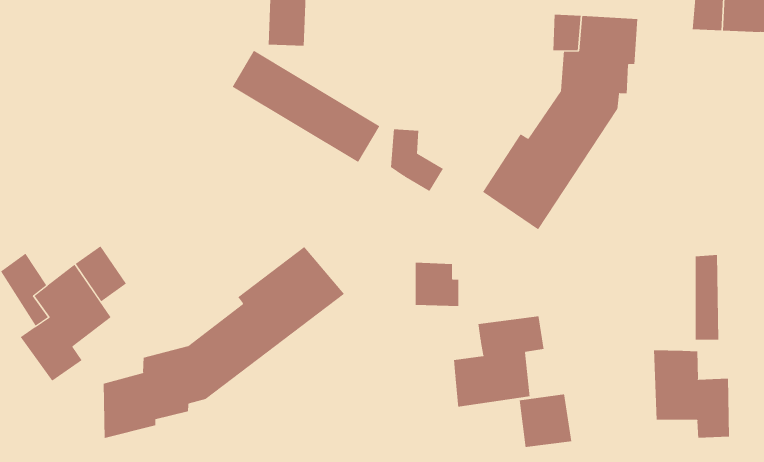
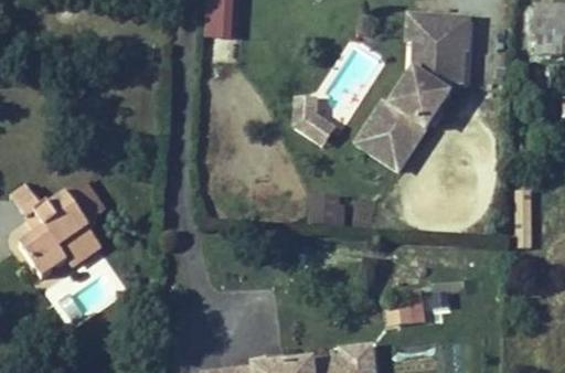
building: [232,50,380,163] -> none
building: [103,246,345,439] -> none
building: [454,316,544,408] -> none
building: [653,350,729,439] -> none

